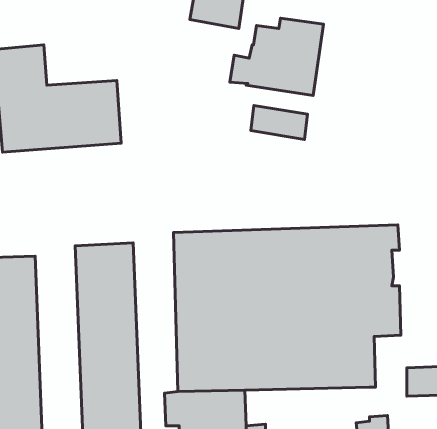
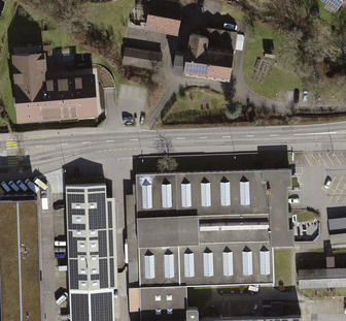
building: [251,105,307,140] -> [124,46,163,70]

